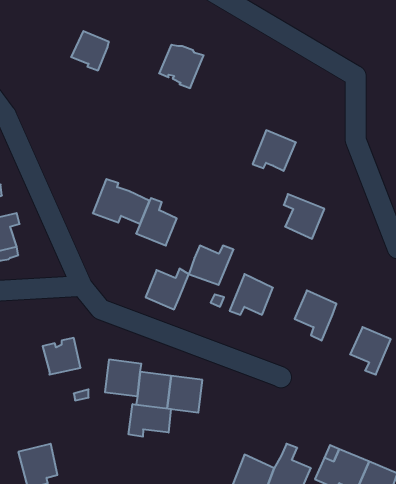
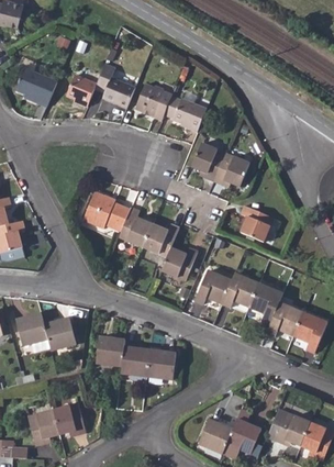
building: none -> [96,62,136,107]
building: none -> [16,66,58,103]
building: none -> [165,94,207,130]
building: none -> [191,143,224,180]
building: [146,269,189,309] -> [143,223,178,256]
building: none -> [221,273,257,305]
building: none -> [265,302,302,334]
building: none -> [14,315,48,353]
building: [129,404,171,437] -> none
building: none -> [49,400,81,432]

